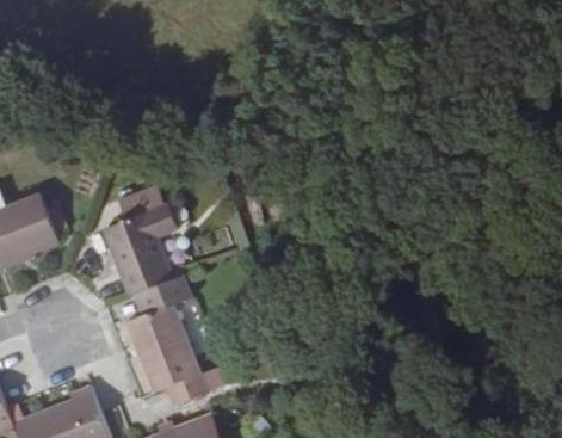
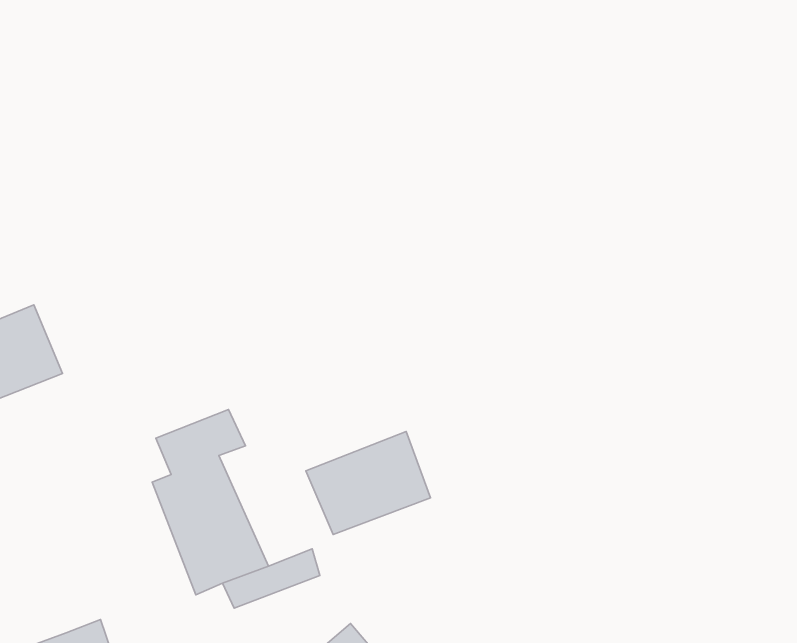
building: [98,198,169,280] -> none
building: none -> [306,432,431,534]

